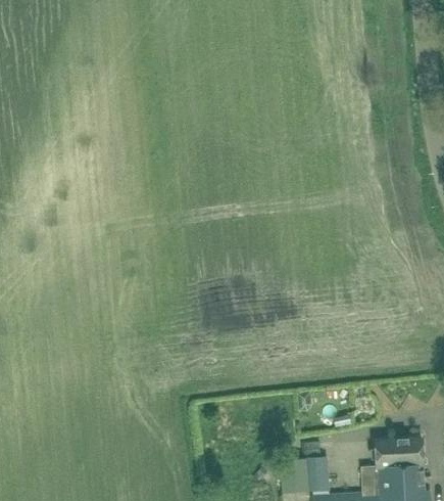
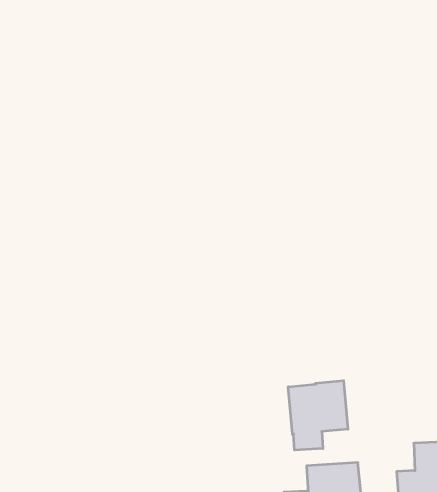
building: none -> [288,381,348,450]

